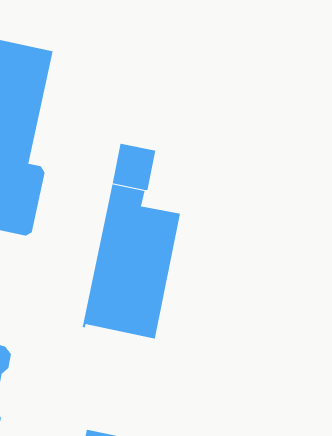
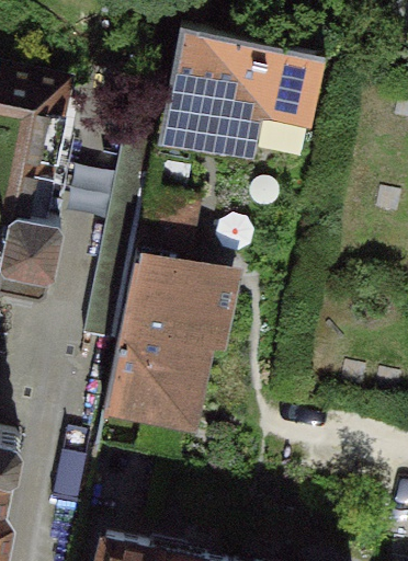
building: none -> [159,28,325,160]

